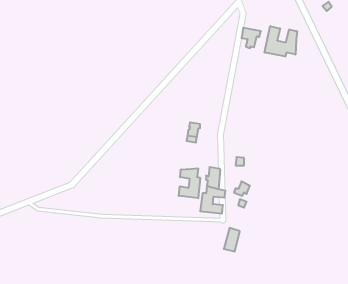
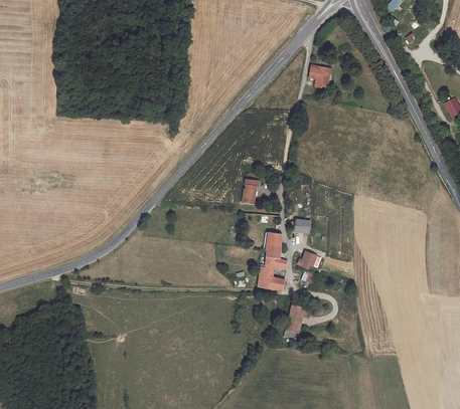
building: [265,26,297,57] -> none
building: [179,168,200,198] -> none

